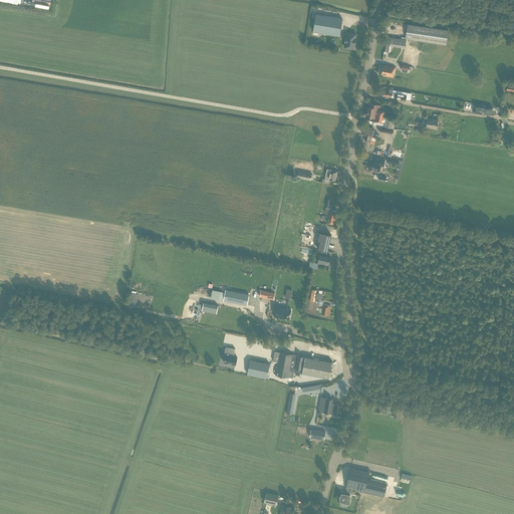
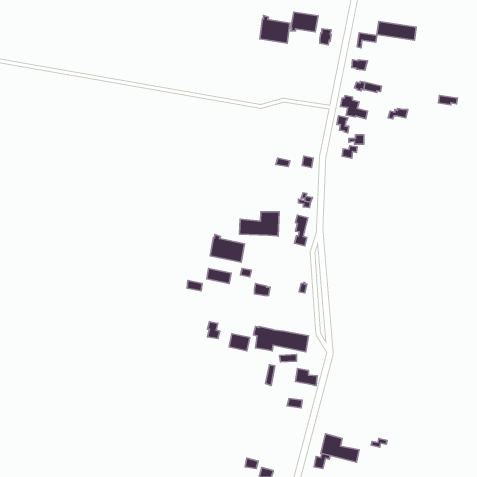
building: none -> [260,16,290,43]
building: none -> [239,212,279,236]
building: none -> [210,234,245,262]

